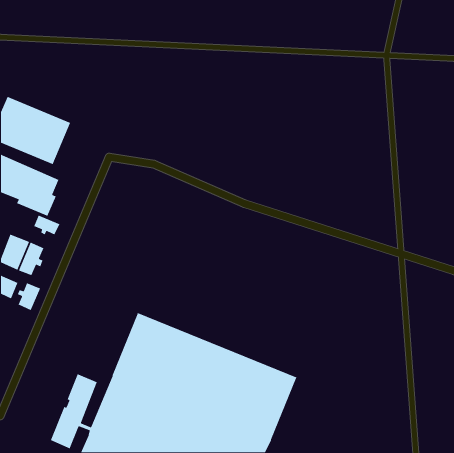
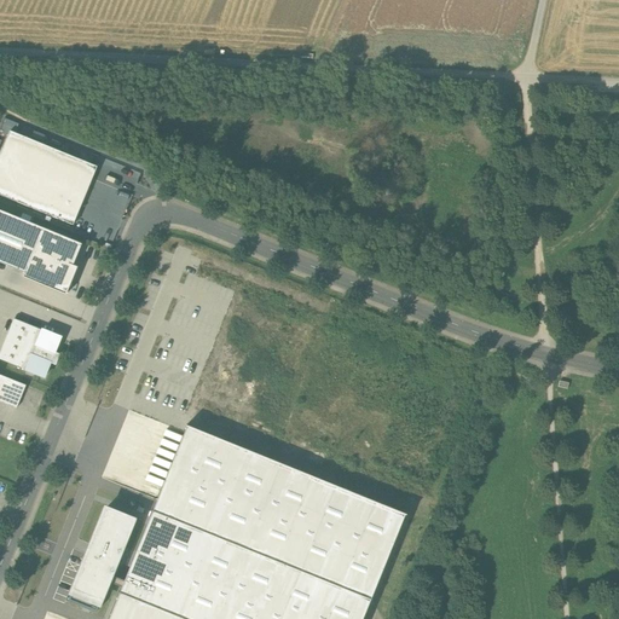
building: [33,214,60,235] -> none
building: [17,282,41,311] -> none

